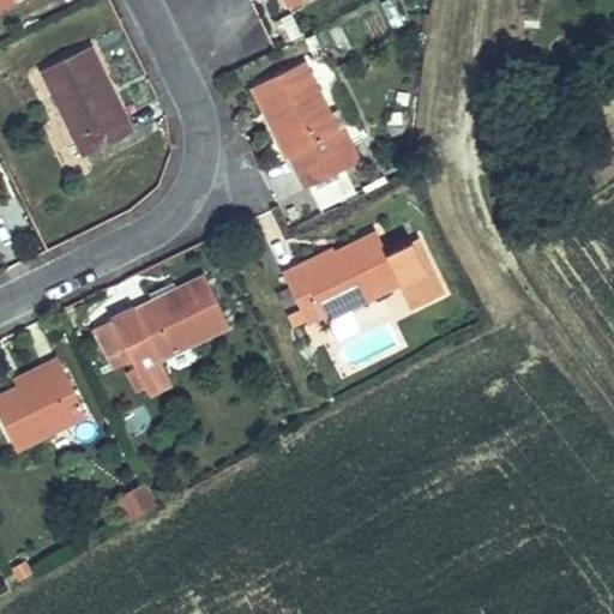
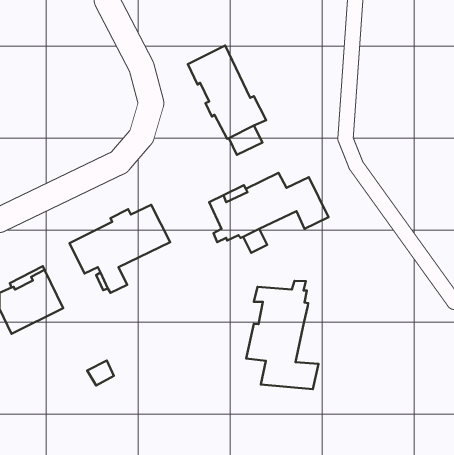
building: [41,46,133,156] -> none
building: none -> [246,281,318,389]

